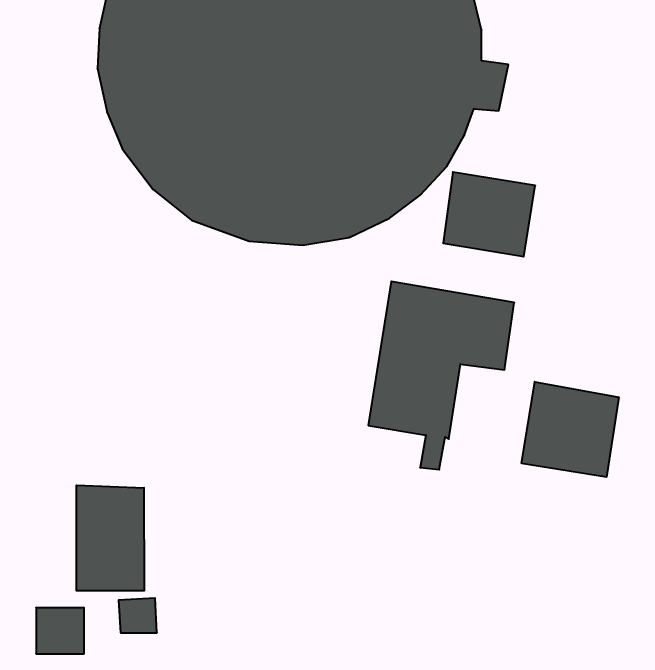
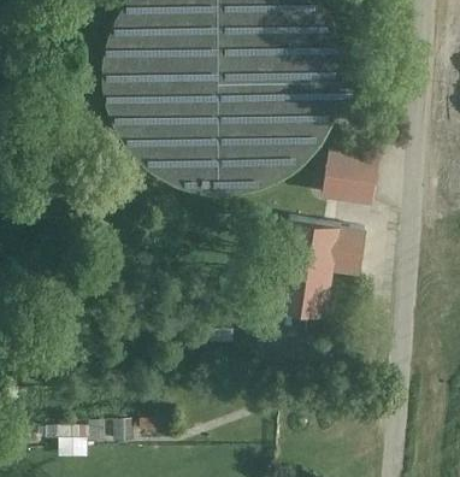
building: [522,382,619,477] -> none
building: [76,485,144,591] -> none

